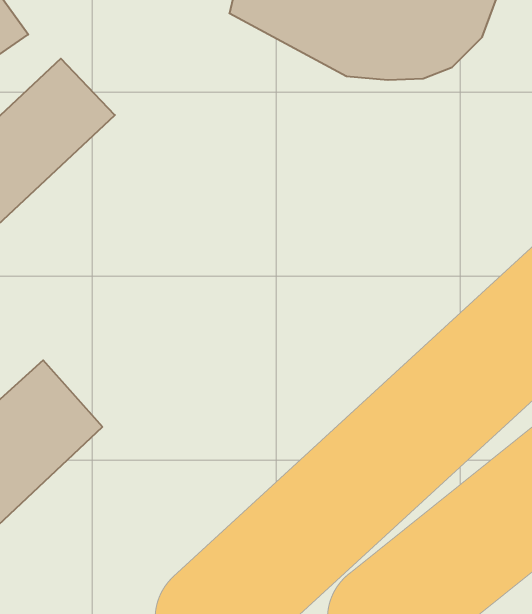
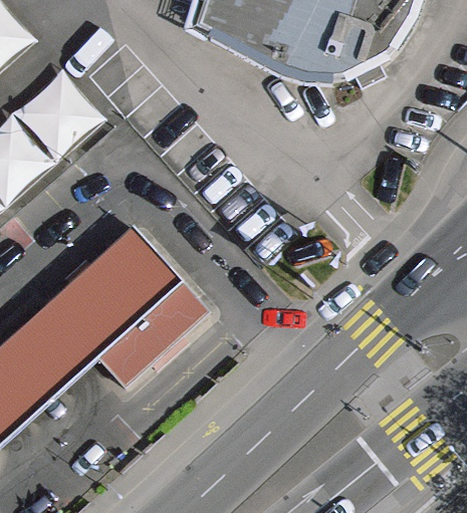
building: none -> [49,226,208,386]

